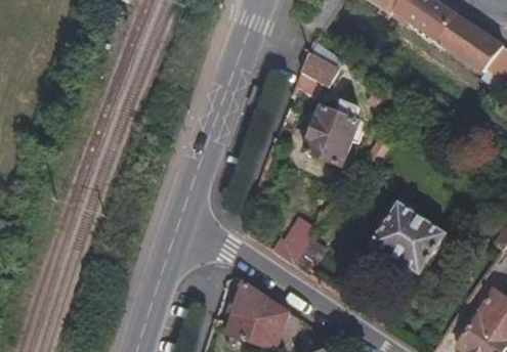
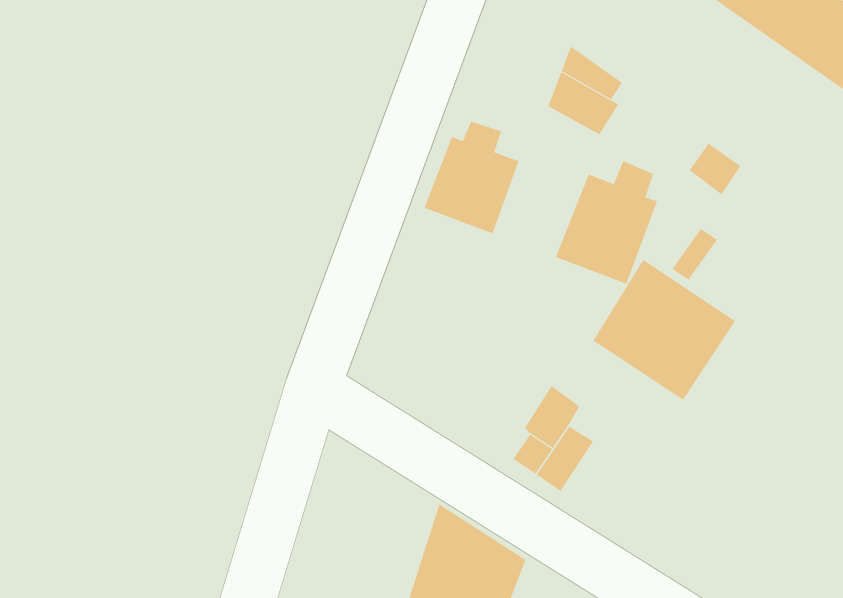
building: none -> [424,121,519,234]
building: [372,200,448,274] -> [592,259,736,401]

